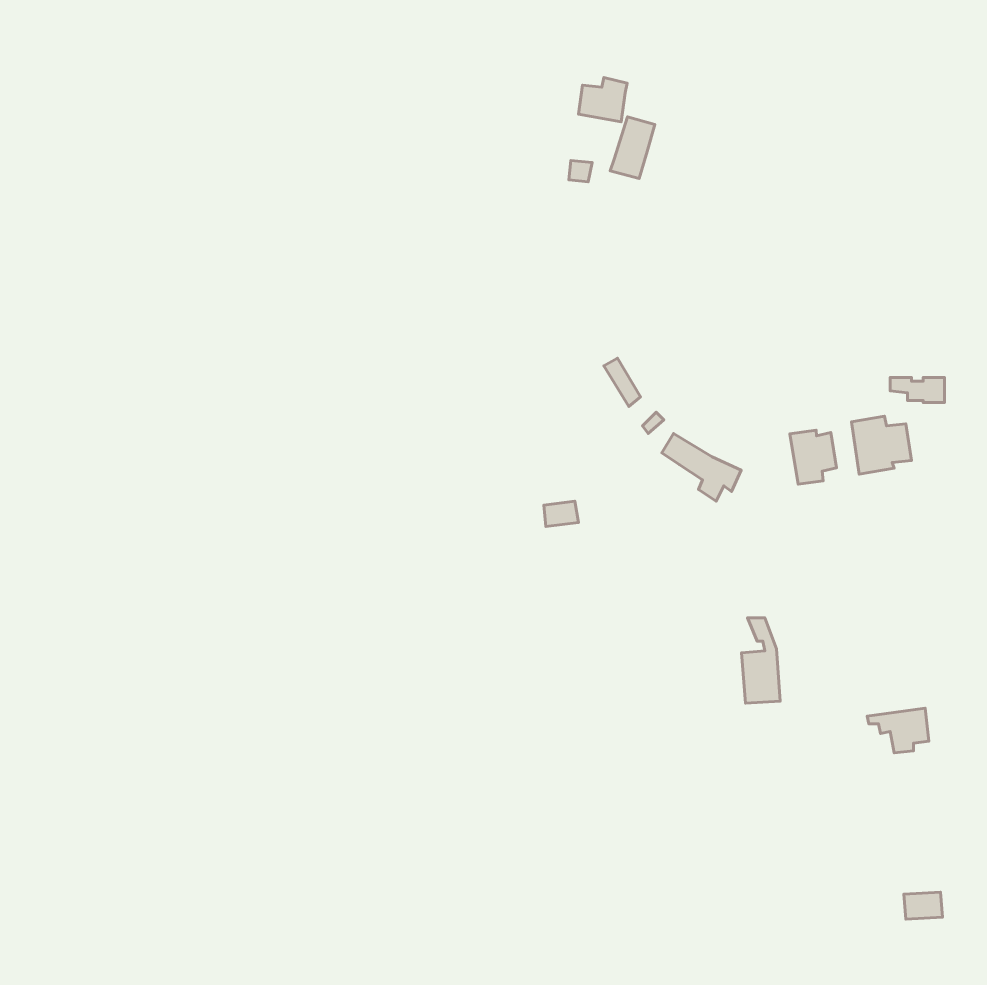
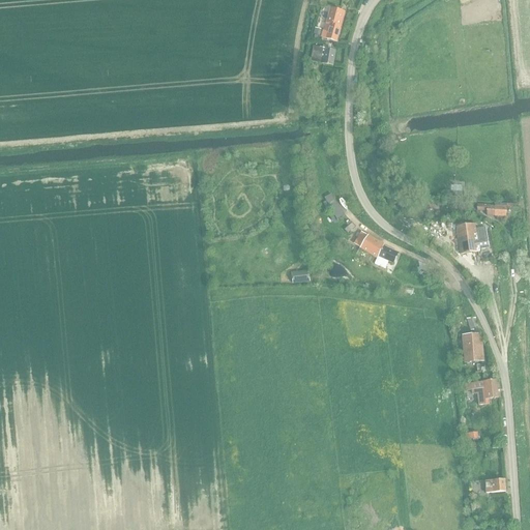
building: [610,117,655,179] -> [320,6,344,39]
building: [790,430,836,484] -> none
building: [742,618,780,703] -> [462,316,482,361]

